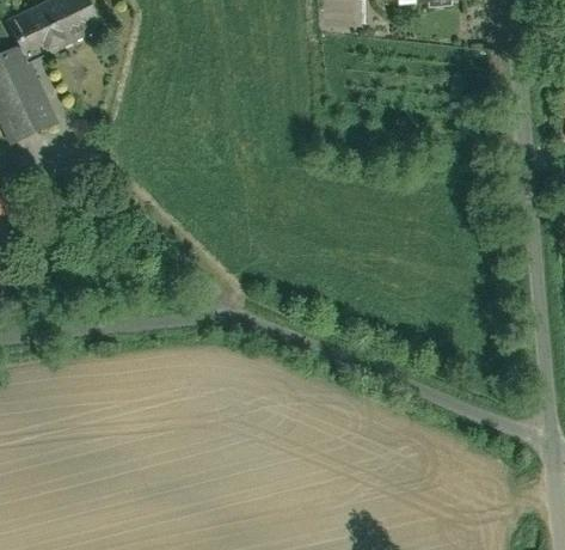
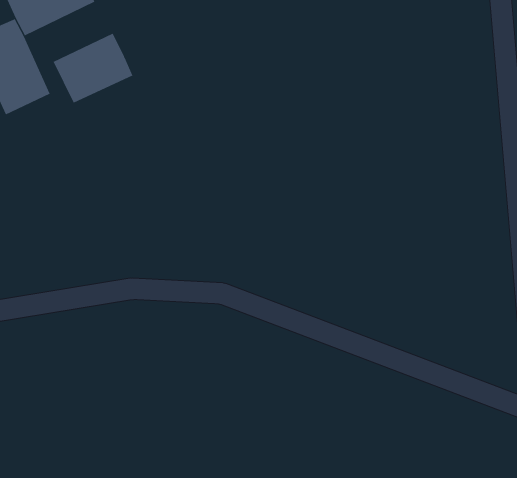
building: none -> [53,33,133,104]

